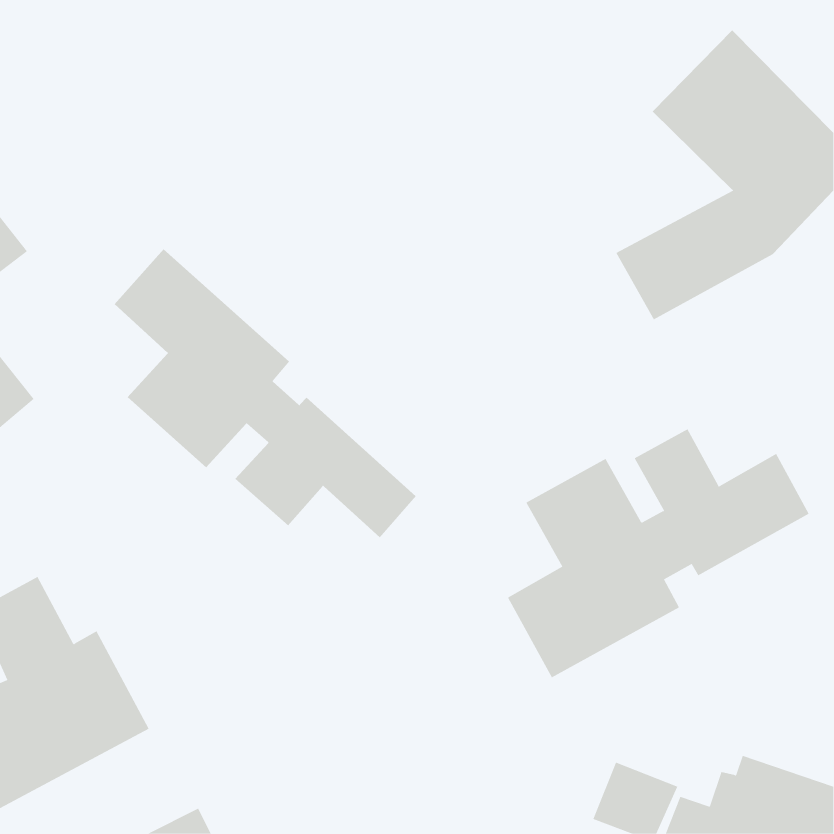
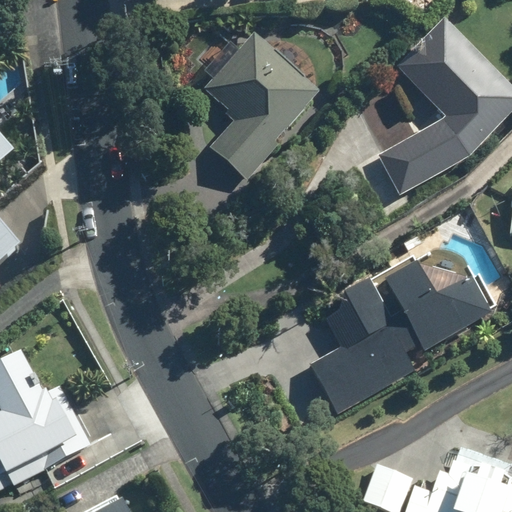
building: none -> [204,32,322,180]
building: [114,249,417,538] -> none

